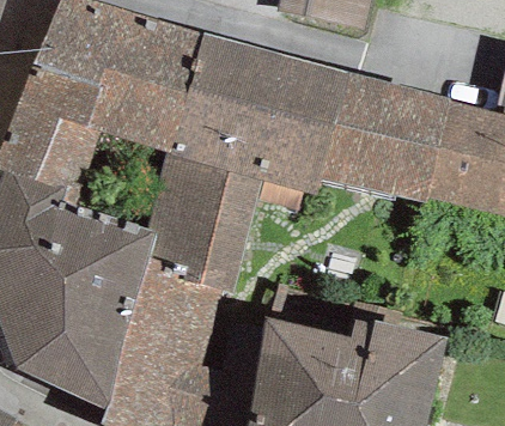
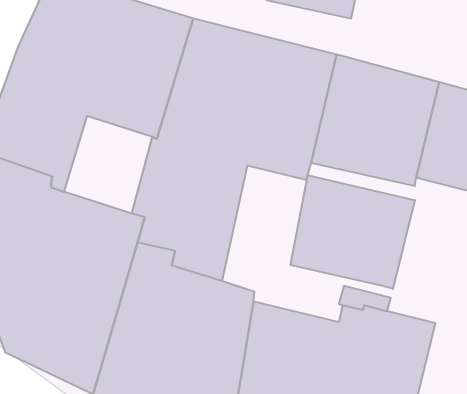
building: none -> [291,175,415,289]

